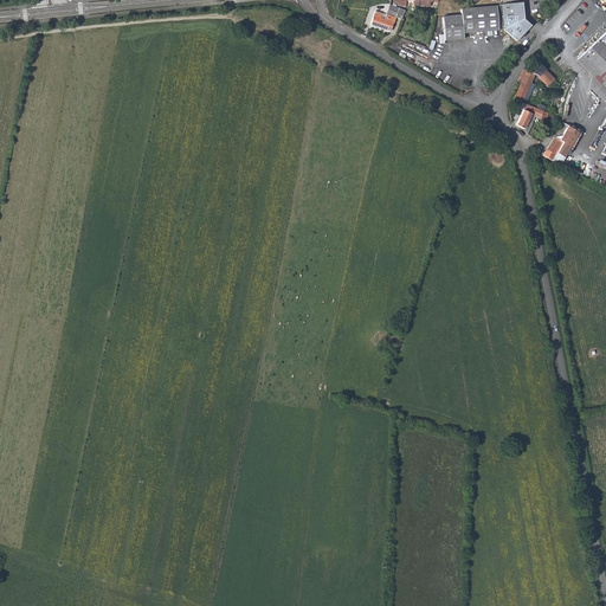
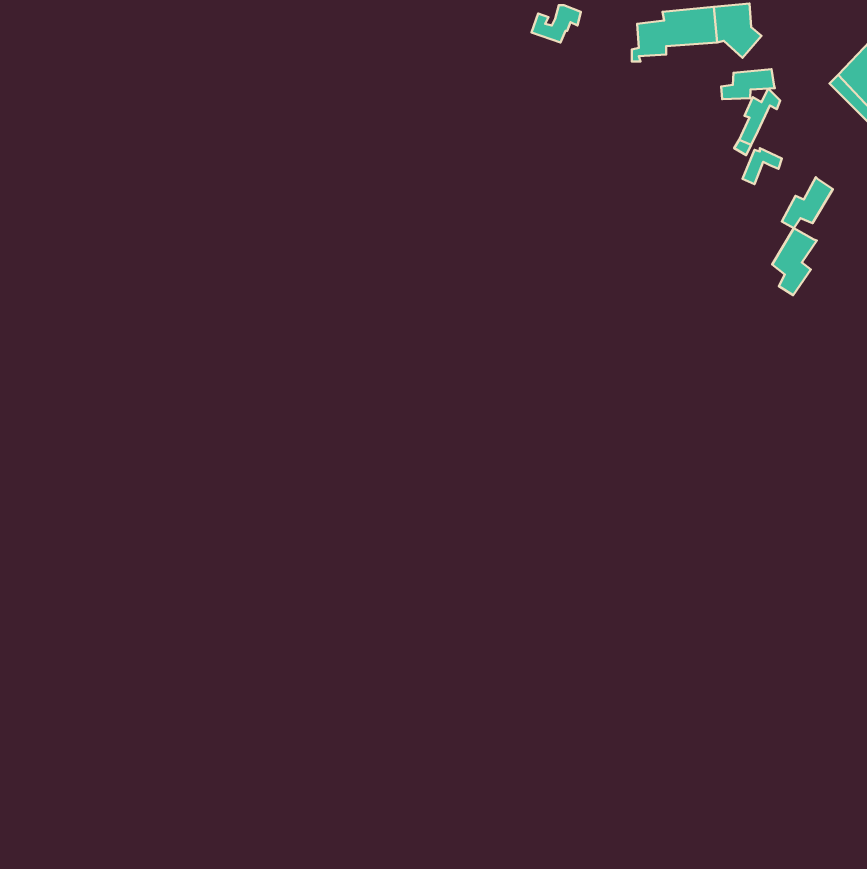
building: none -> [721,69,775,99]
building: none -> [772,228,817,295]

